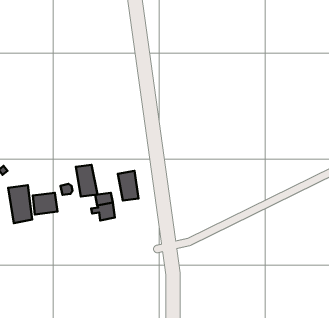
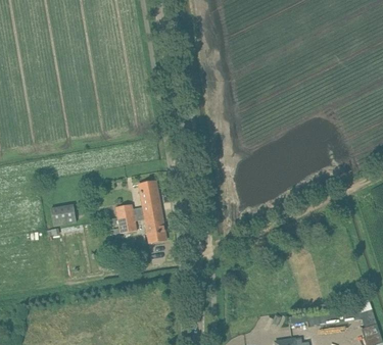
building: [76,165,97,196] -> [144,209,166,242]
building: [8,185,32,223] -> none

